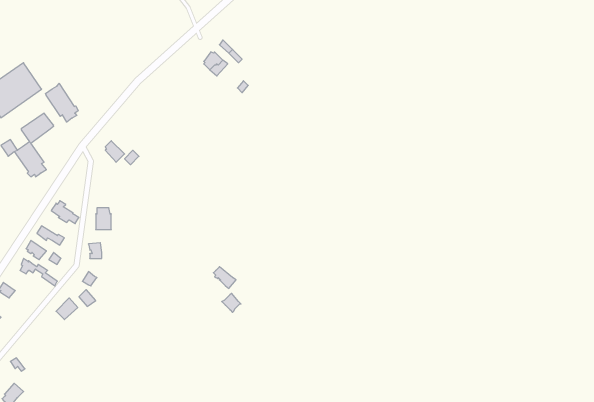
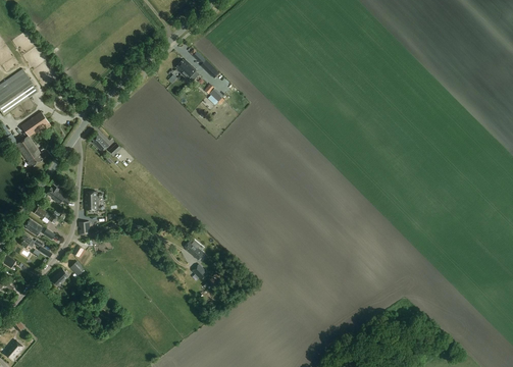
building: [46,83,78,122] -> none

